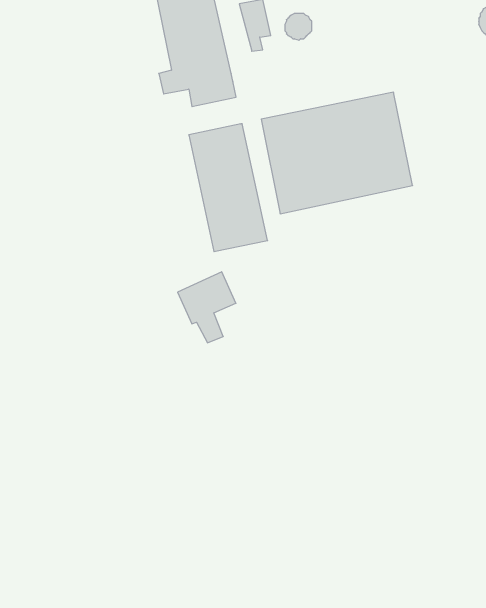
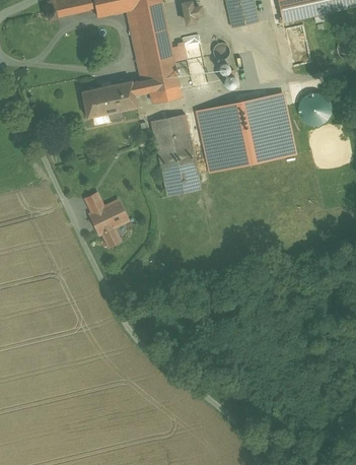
building: none -> [81,80,136,123]
building: none -> [298,92,332,126]
building: [178,272,236,343] -> [89,200,127,246]

